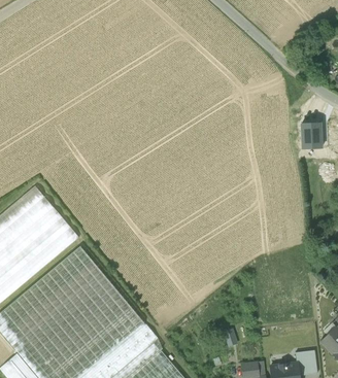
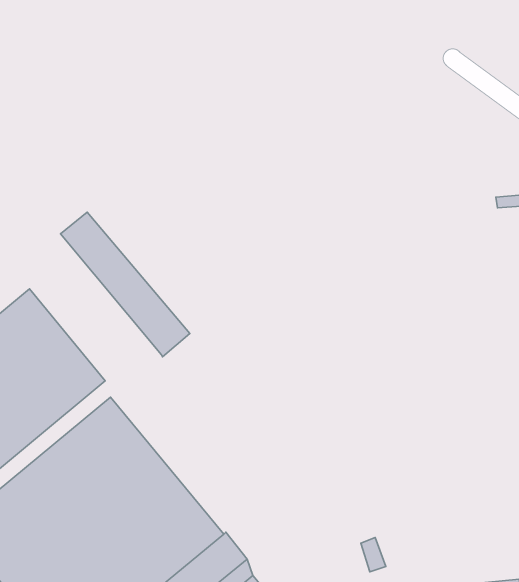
building: none -> [61,212,190,357]

